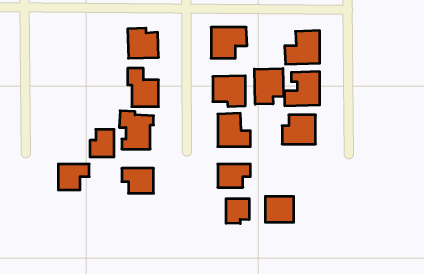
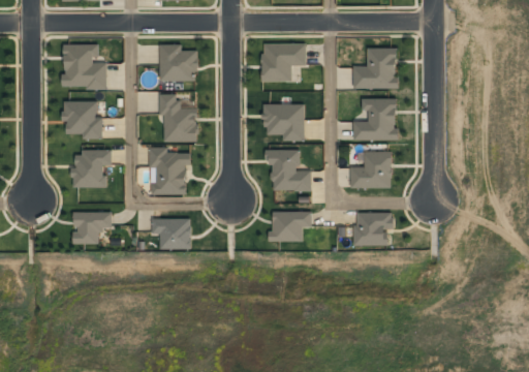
building: none -> [61,43,106,88]
building: [254,68,284,104] -> none
building: none -> [62,101,102,138]
building: [90,129,114,157] -> [71,154,101,188]
building: [265,196,294,222] -> [354,213,390,245]
building: [226,199,249,224] -> none

